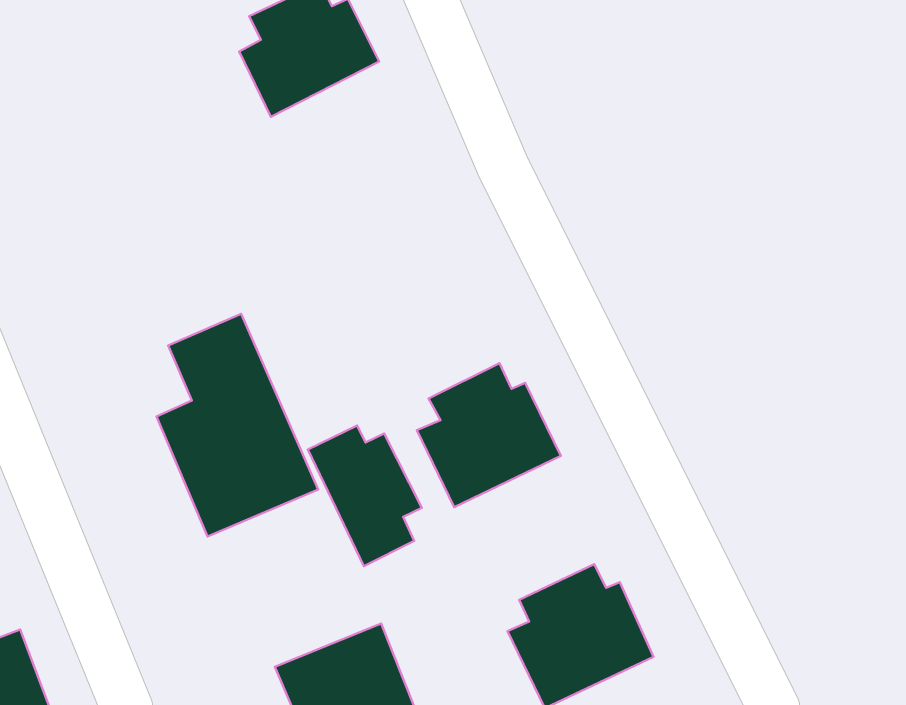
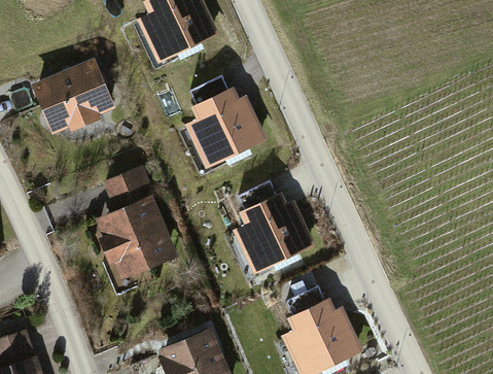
building: none -> [33,55,118,132]
building: none -> [184,87,259,162]
building: [308,426,422,566] -> none

